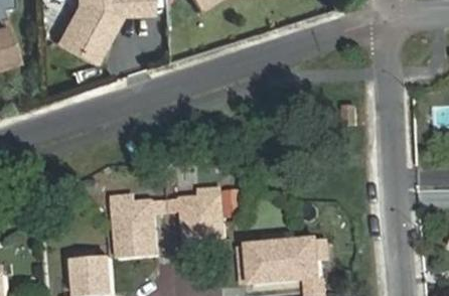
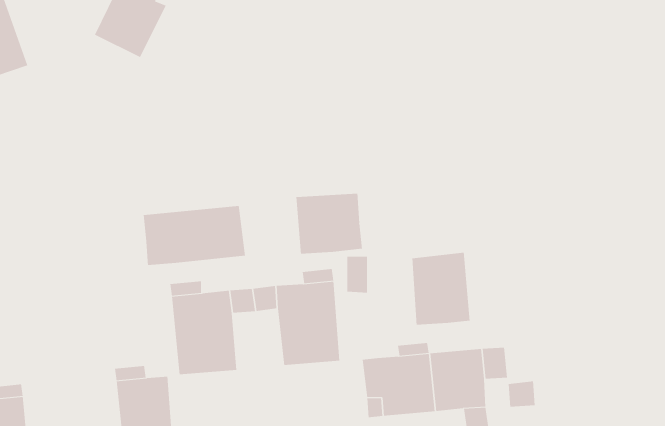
building: none -> [296,193,362,255]
building: none -> [143,205,245,266]
building: none -> [412,252,470,326]

